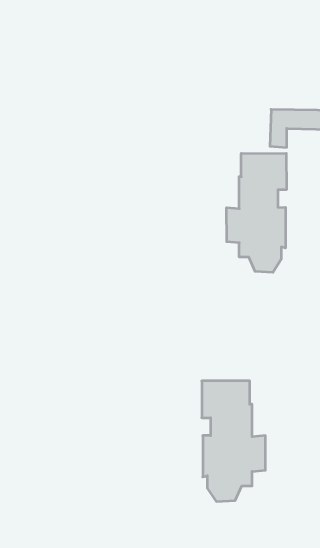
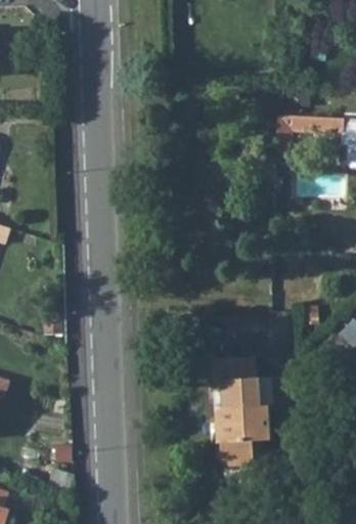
building: [227,153,286,272] -> none

